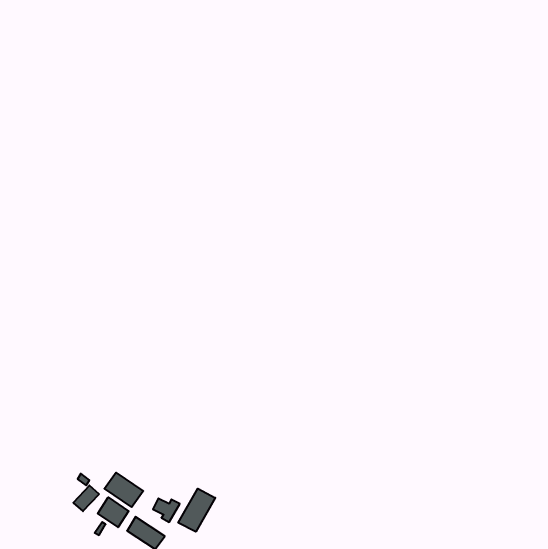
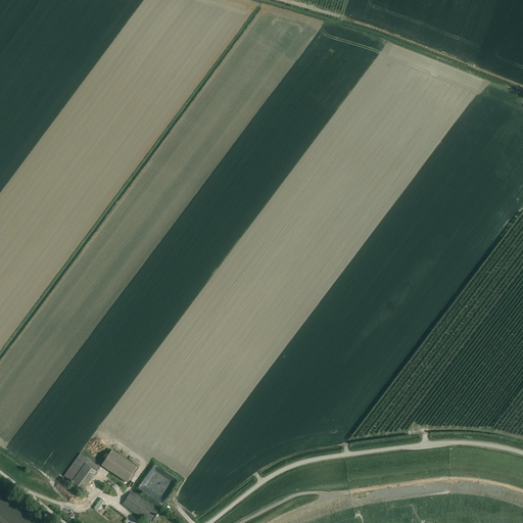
building: [178,489,215,532] -> none
building: [98,497,129,527] -> none

